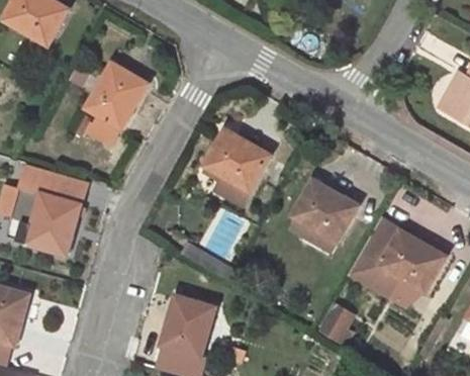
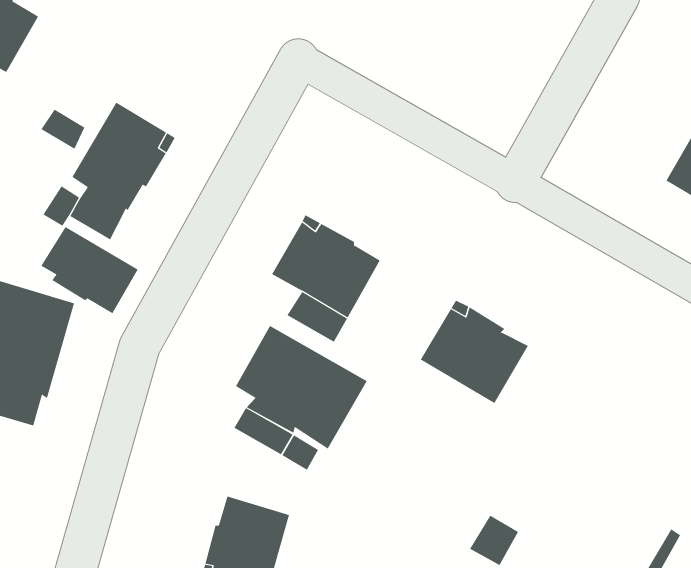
building: none -> [41,226,138,314]
building: none -> [235,325,367,450]
building: [348,218,447,296] -> none

